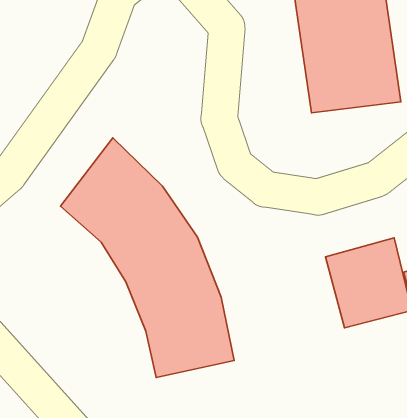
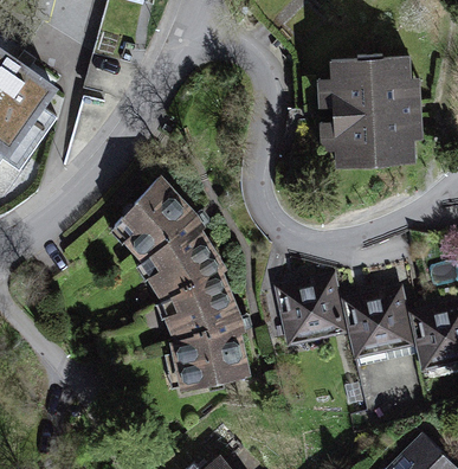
building: none -> [267,275,347,349]

